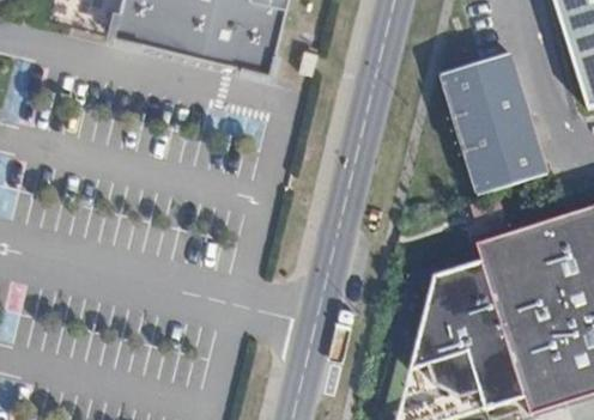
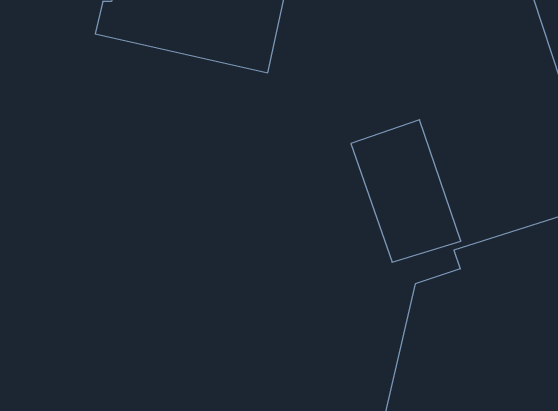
building: [440,45,545,182] -> [351,120,461,262]

